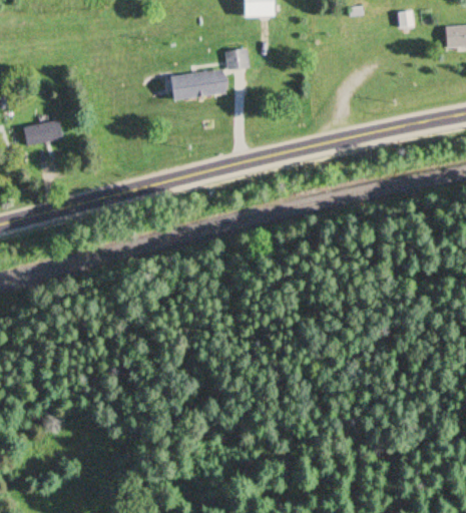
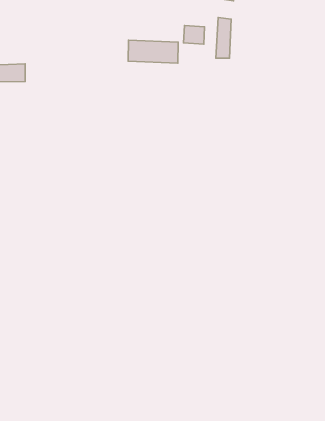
building: none -> [216,18,231,58]

